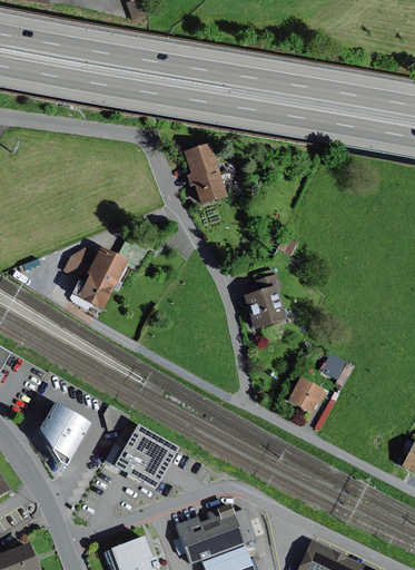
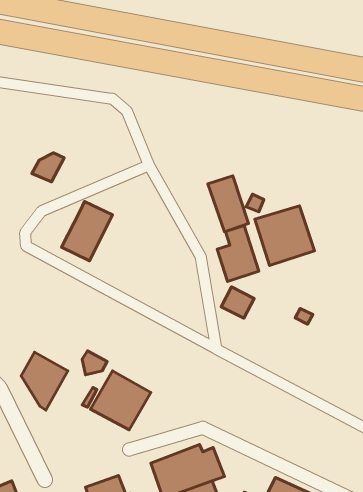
building: [186,141,229,202] -> [208,176,248,232]
building: [66,248,100,279] -> [32,153,64,182]
building: none -> [255,206,315,265]
building: [293,377,328,411] -> [221,287,254,318]

